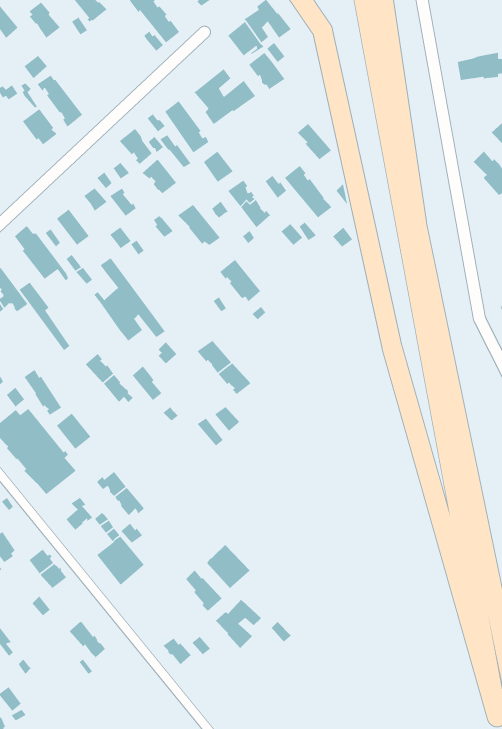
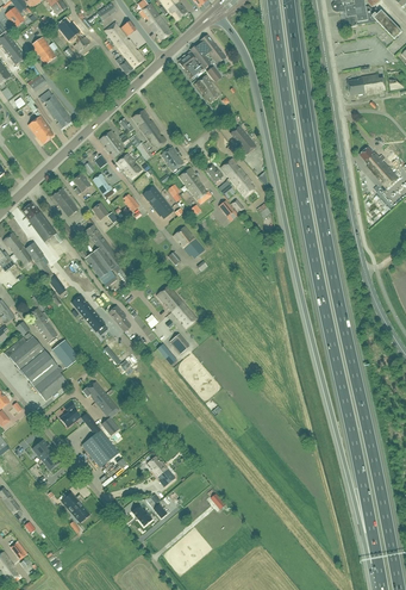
building: [193,68,256,125] -> none
building: [206,544,251,589] -> none
building: [215,599,262,649] -> none

